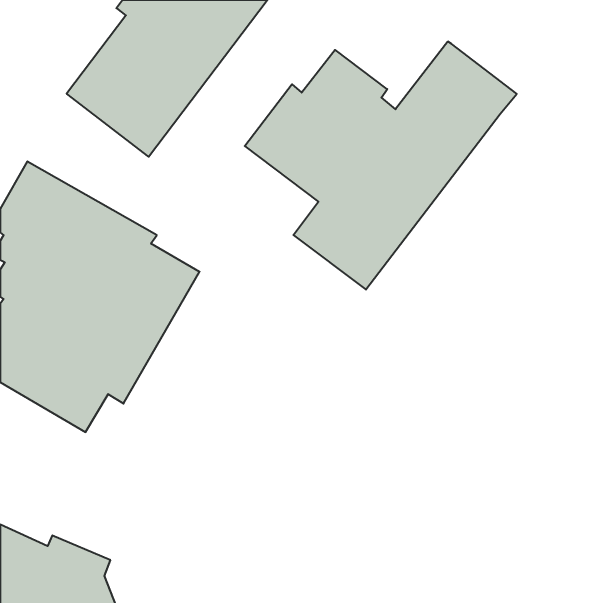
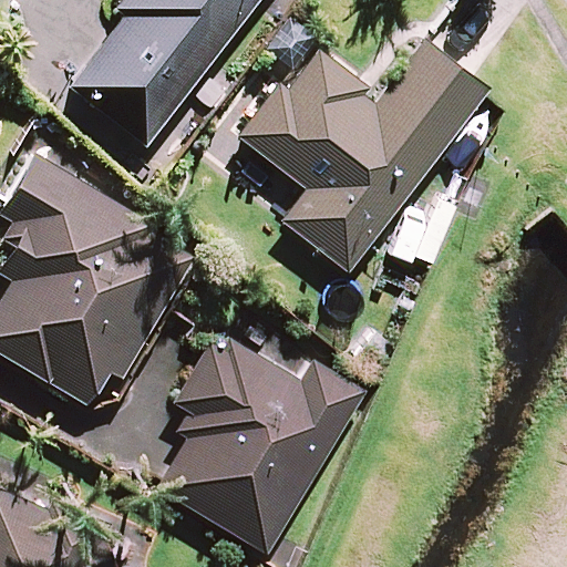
building: none -> [157,340,363,554]

